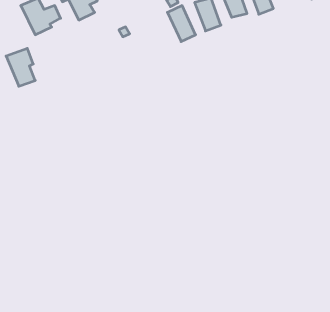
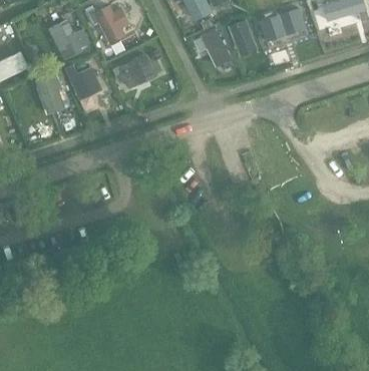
building: none -> [112,54,155,87]
building: none -> [65,63,102,99]

